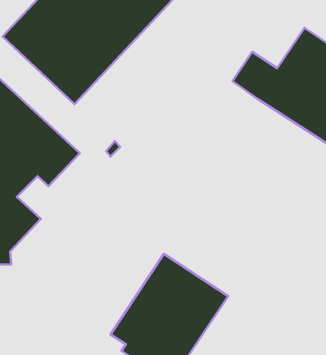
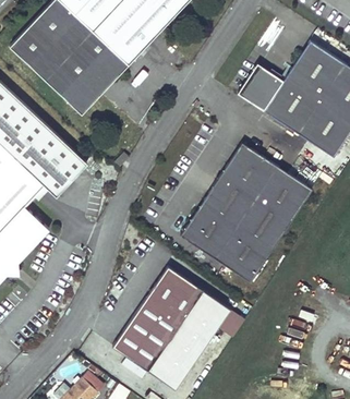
building: none -> [183,143,314,280]

